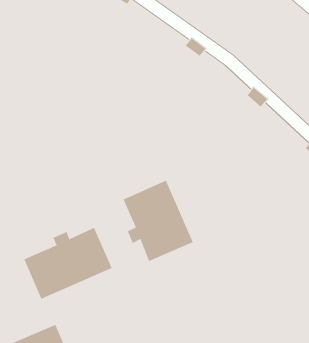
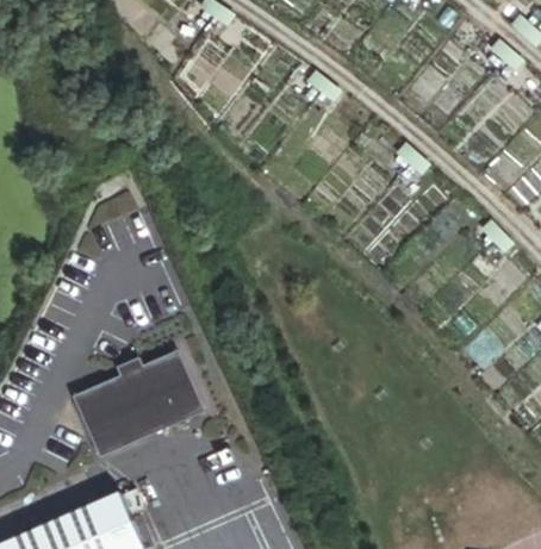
building: [123,180,193,262] -> none

